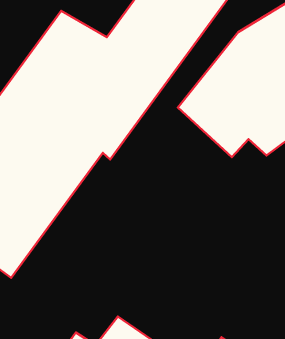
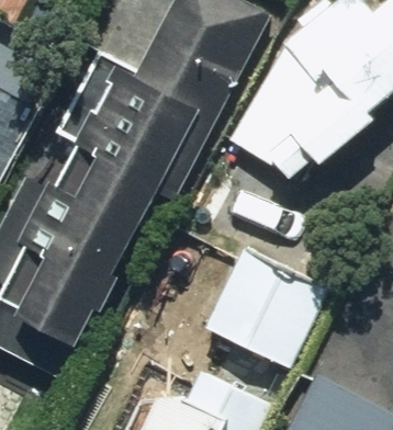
building: none -> [206,245,326,365]

